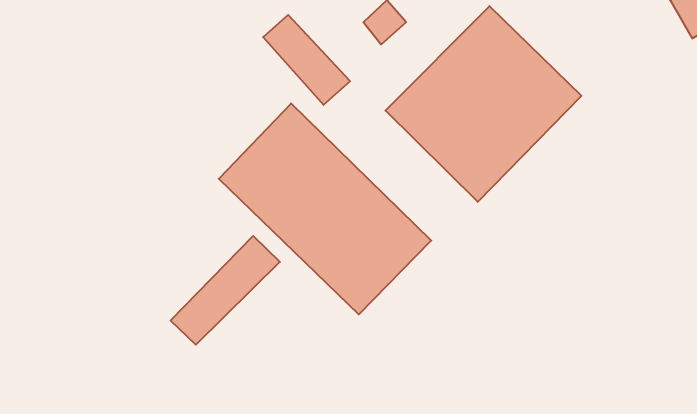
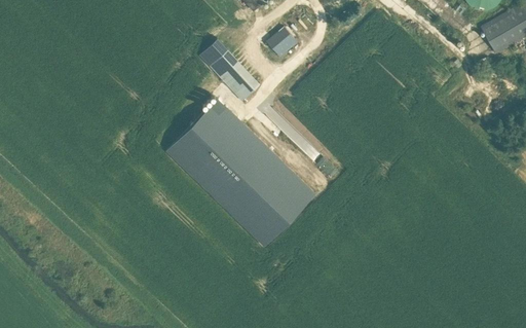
building: [385,6,581,202] -> none
building: [171,236,280,345] -> none

